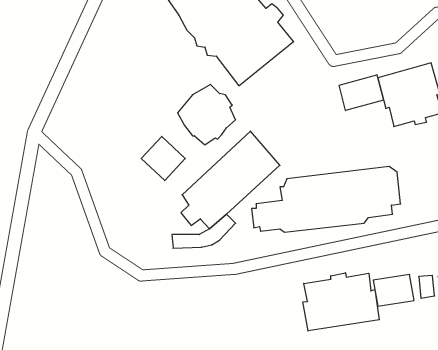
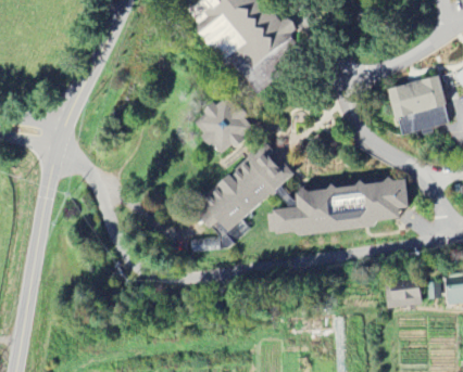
building: [339,75,384,111] -> none
building: [141,136,185,181] -> none
building: [303,273,379,331] -> none

